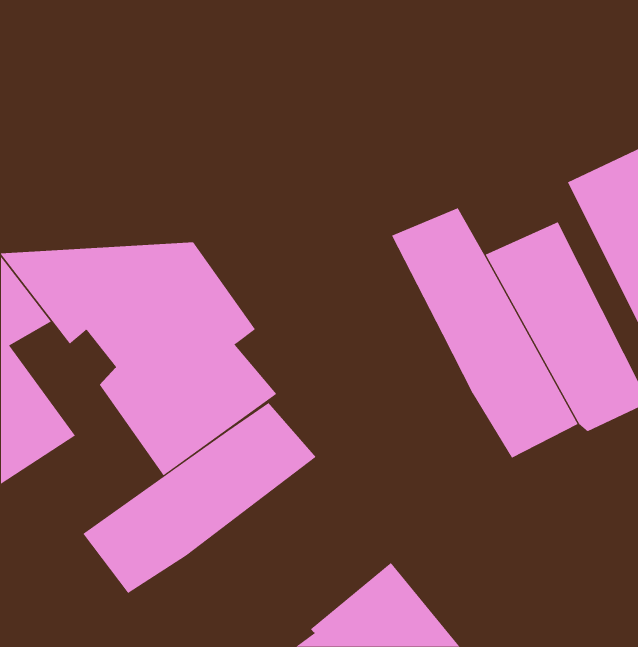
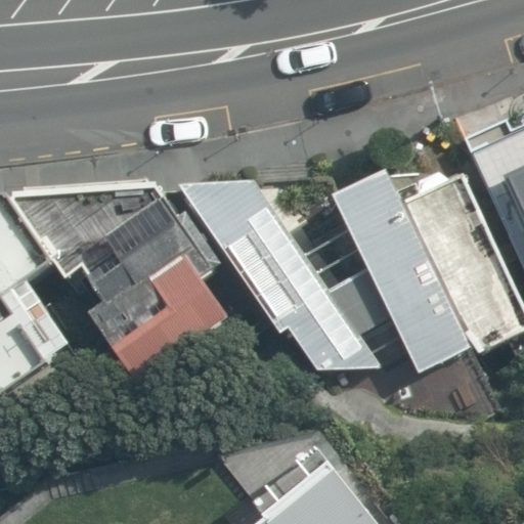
building: none -> [185,188,389,374]
building: [82,402,317,594] -> none

